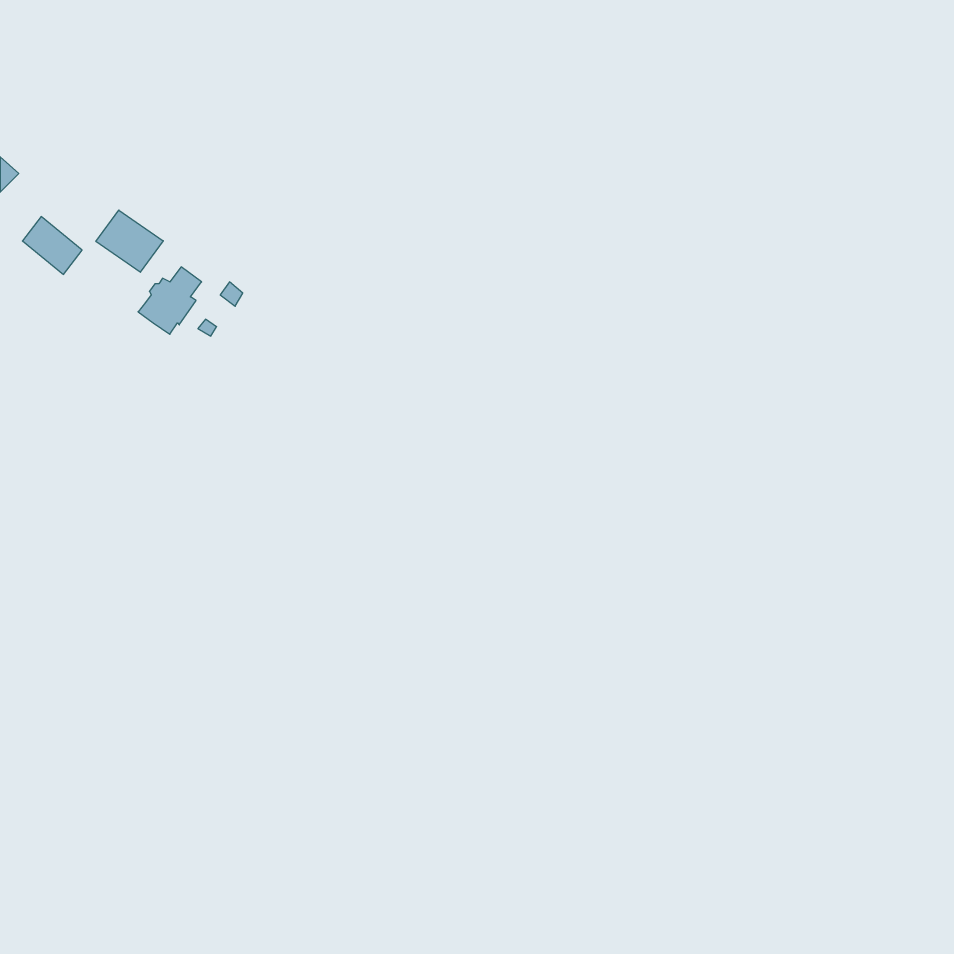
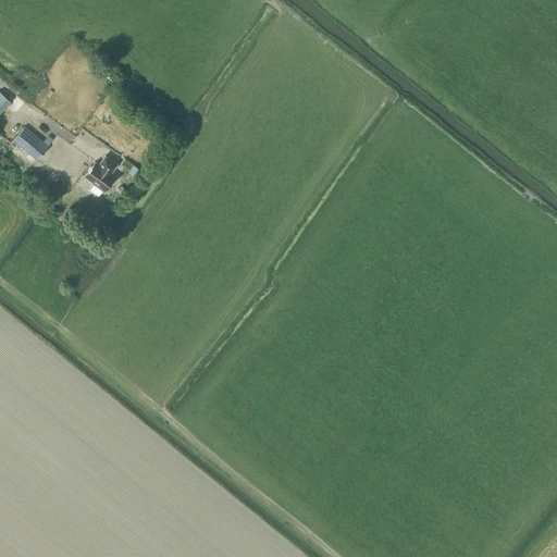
building: [96,210,163,272] -> none

